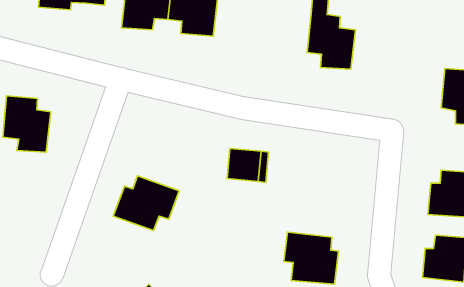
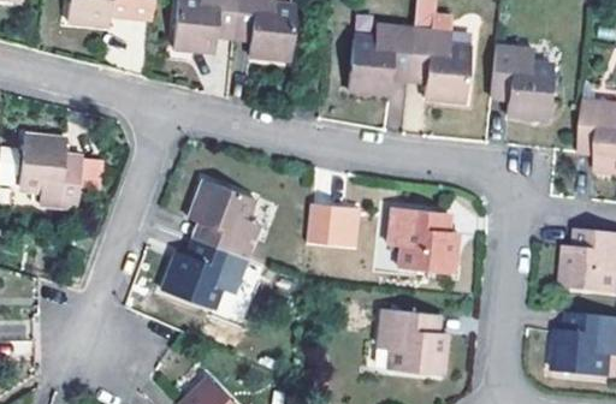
building: none -> [348,26,414,95]
building: none -> [490,48,550,120]
building: none -> [188,183,257,257]
building: none -> [390,208,458,274]

